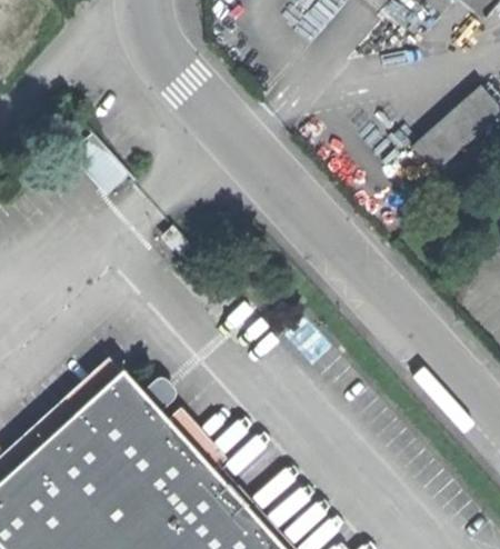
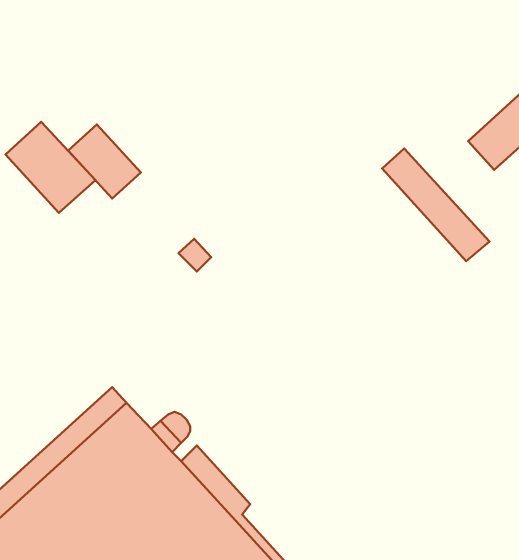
building: none -> [6,122,95,213]
building: none -> [382,148,489,261]

